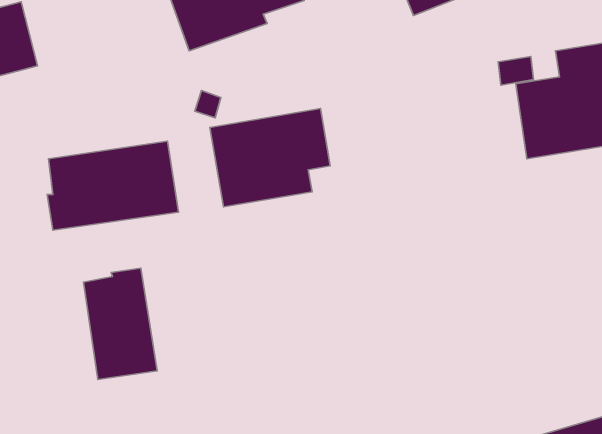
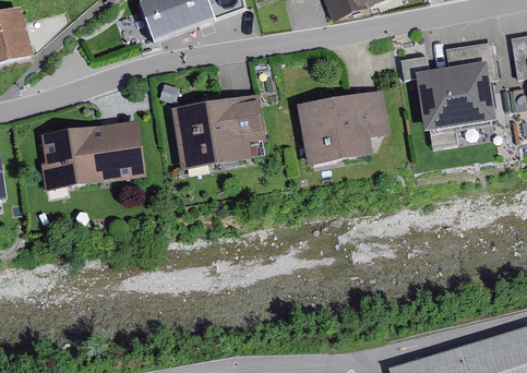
building: none -> [296,86,392,166]
building: [83,268,157,380] -> none

